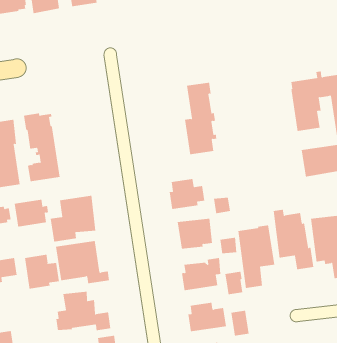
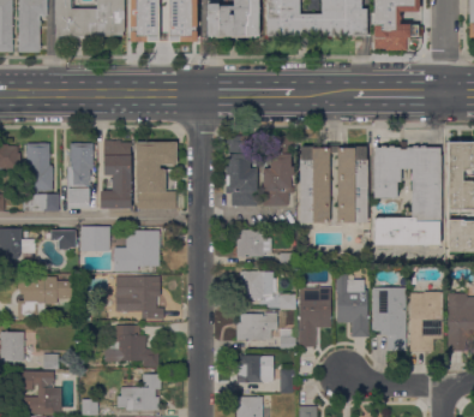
building: none -> [300,147,367,224]
building: none -> [226,136,257,207]
building: none -> [136,142,176,209]
building: [24,254,60,290] -> none

